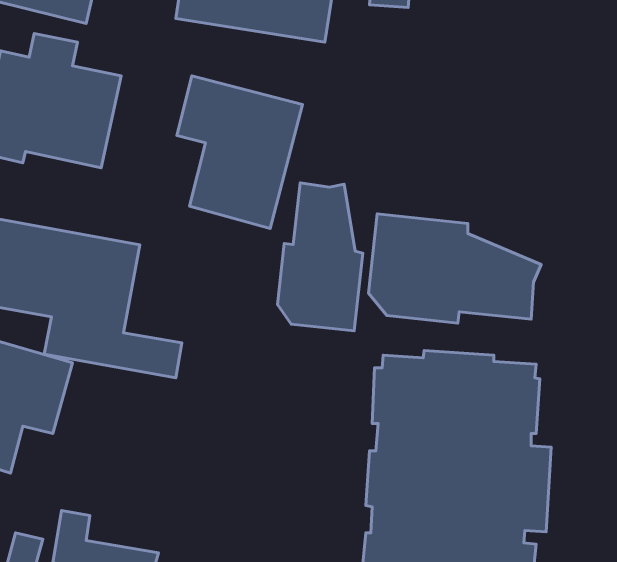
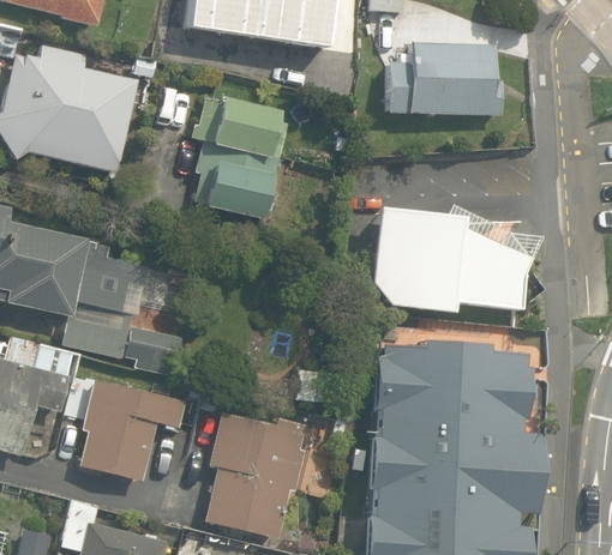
building: none -> [386,29,506,117]
building: [277,183,363,331] -> none
building: none -> [72,364,193,481]
building: none -> [206,408,313,542]

